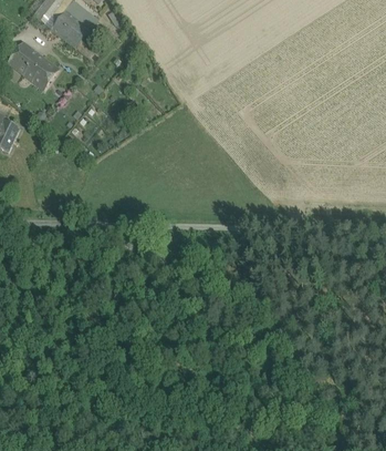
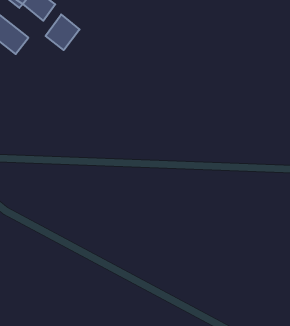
building: none -> [46,14,80,50]

